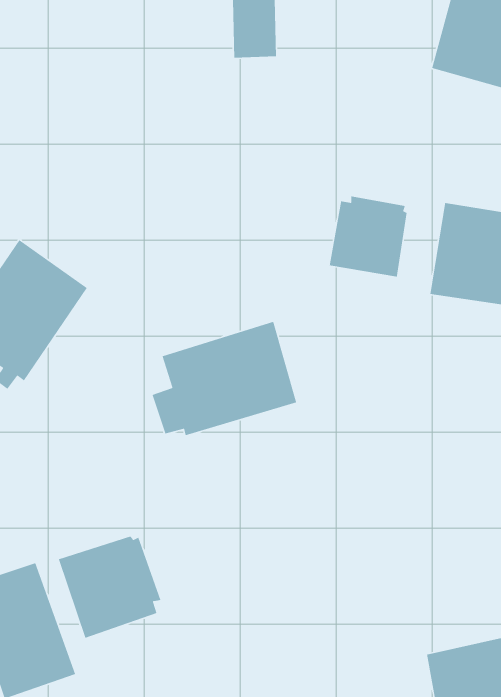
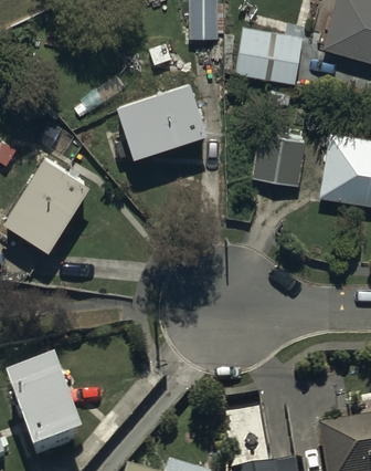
building: none -> [236,29,301,81]
building: [152,321,297,436] -> [109,84,205,160]
building: [58,536,161,639] -> none

